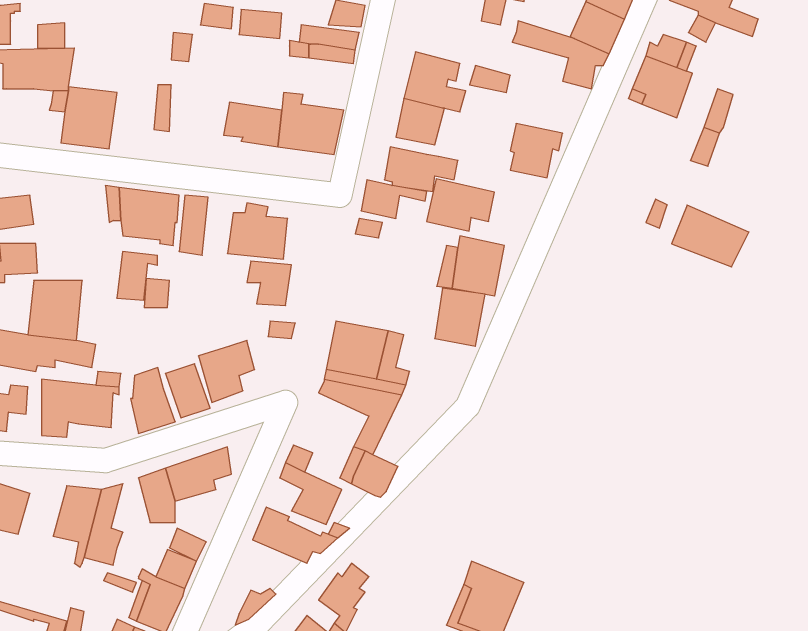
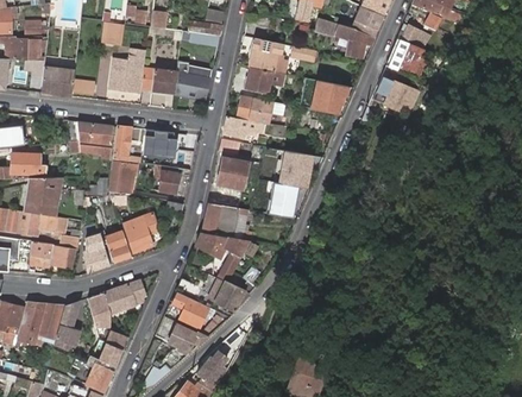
building: none -> [108,51,143,90]
building: [427,179,494,231] -> [218,157,259,189]
building: [672,205,749,267] -> [372,76,420,114]
building: [117,252,157,300] -> [109,162,134,191]
building: none -> [14,302,43,345]

